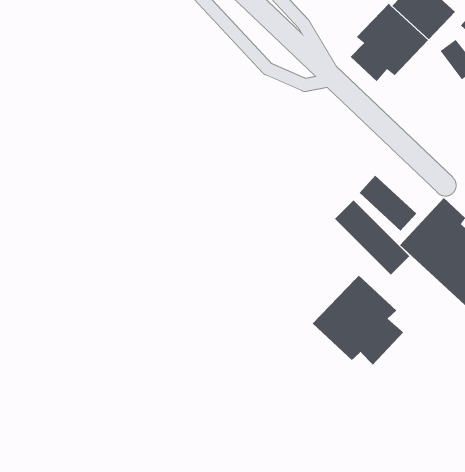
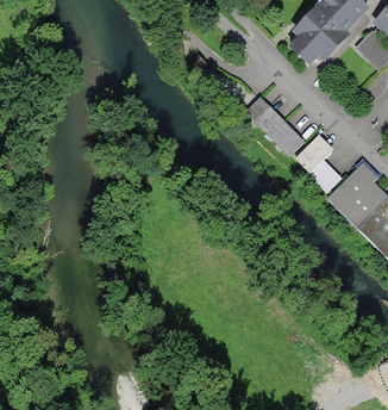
building: [334,199,410,276] -> [244,92,305,153]
building: [312,275,404,365] -> none

